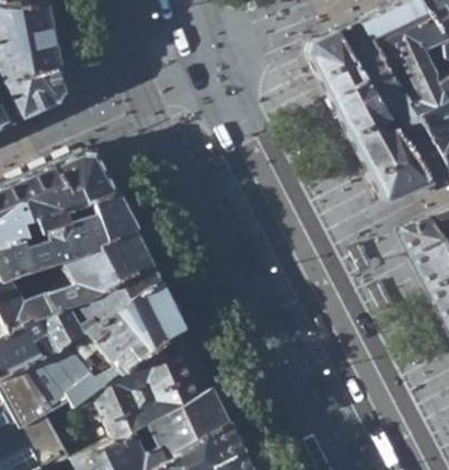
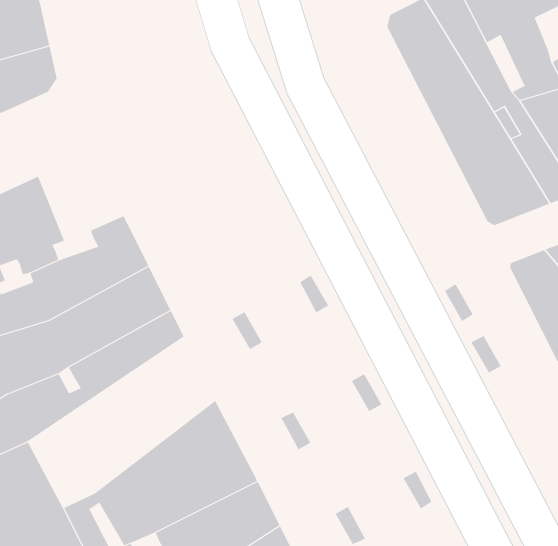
building: [50,150,114,213] -> none
building: [43,284,182,411] -> none

